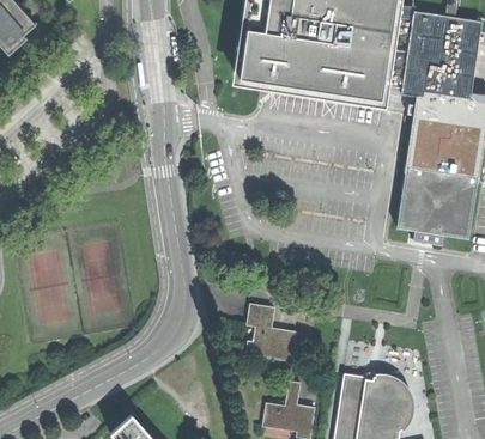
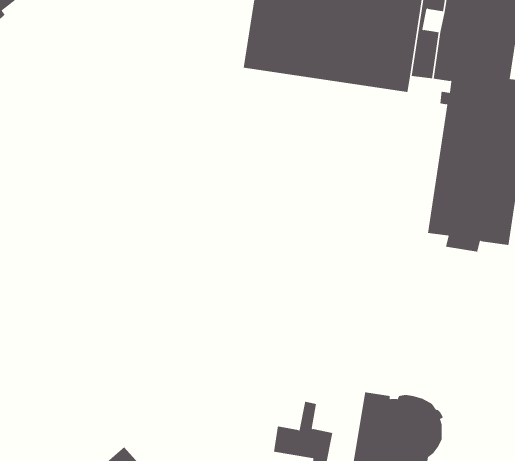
building: [247,299,297,358] -> none

